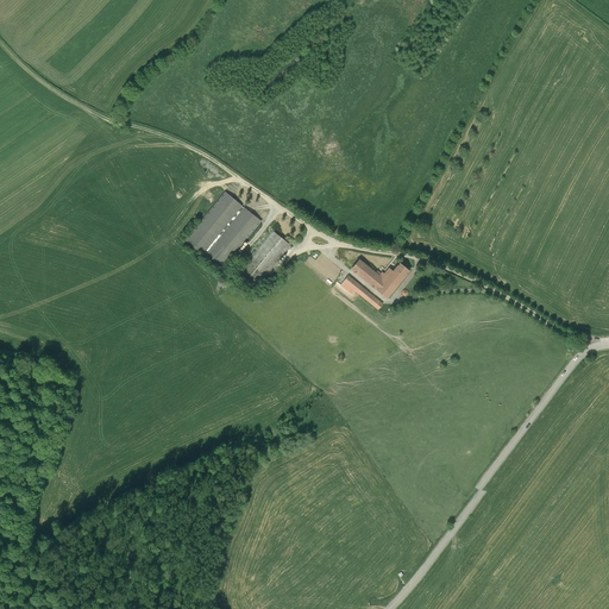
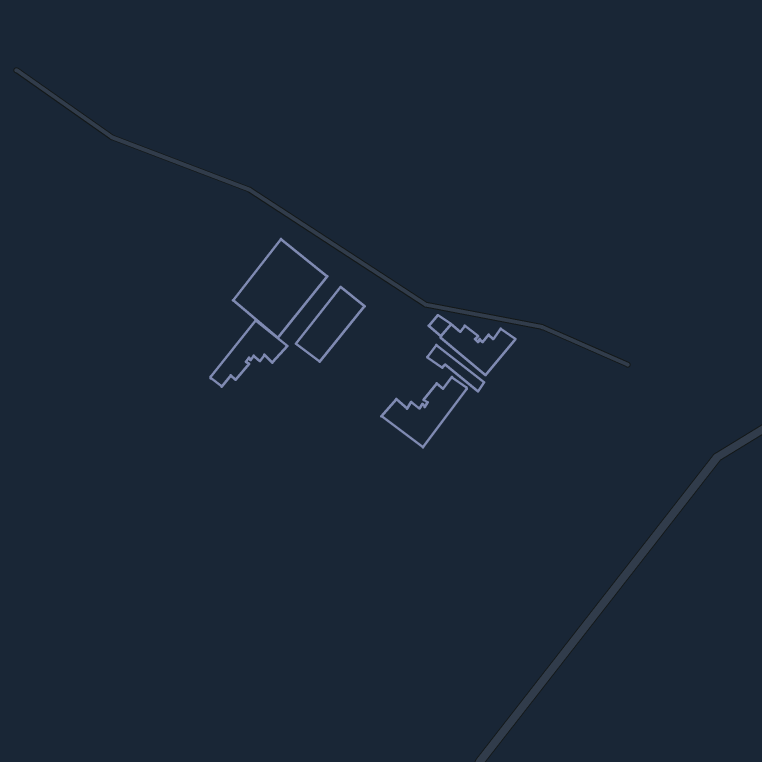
building: none -> [211,321,287,387]
building: none -> [381,377,467,447]

